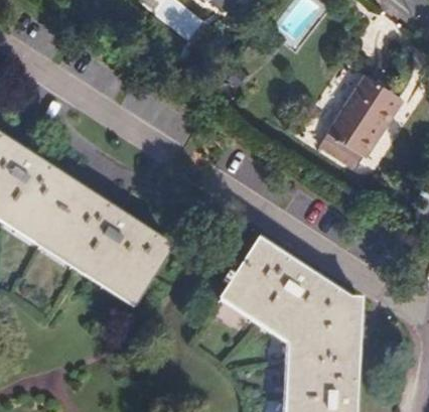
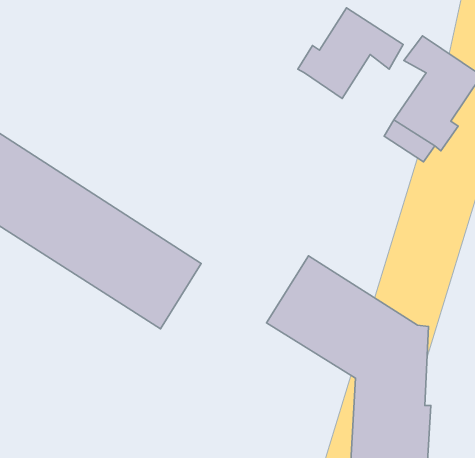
building: none -> [298,8,403,98]

